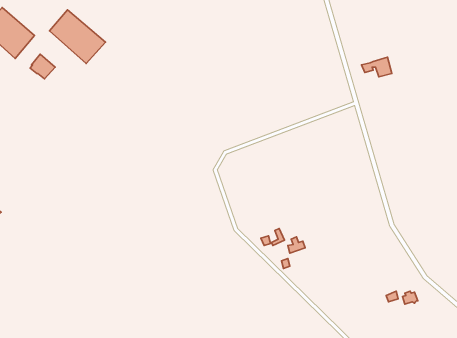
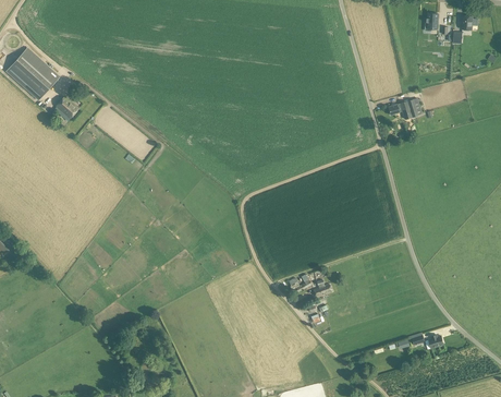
building: [49,10,105,63] -> none

